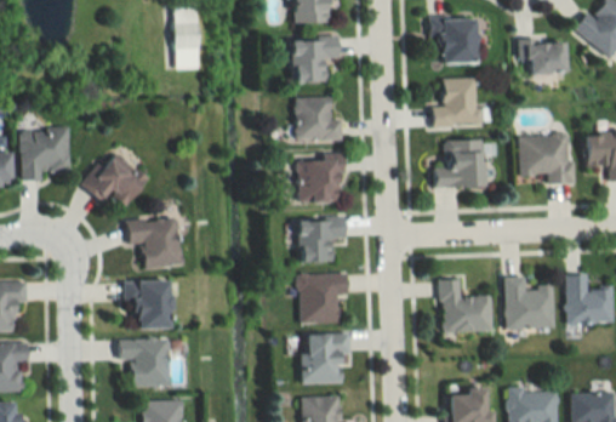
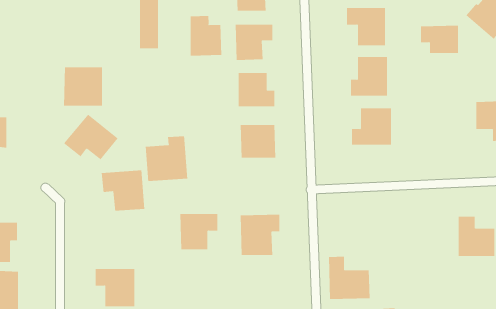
building: none -> [190,15,222,56]
building: [21,129,69,177] -> [63,67,103,106]
building: [519,133,574,183] -> none
building: none -> [145,135,188,182]
building: [298,217,346,262] -> [180,213,218,250]
building: [504,275,554,327] -> none
building: [440,278,492,331] -> [328,256,370,299]
building: [126,281,172,329] -> none
building: [301,333,349,383] -> none

